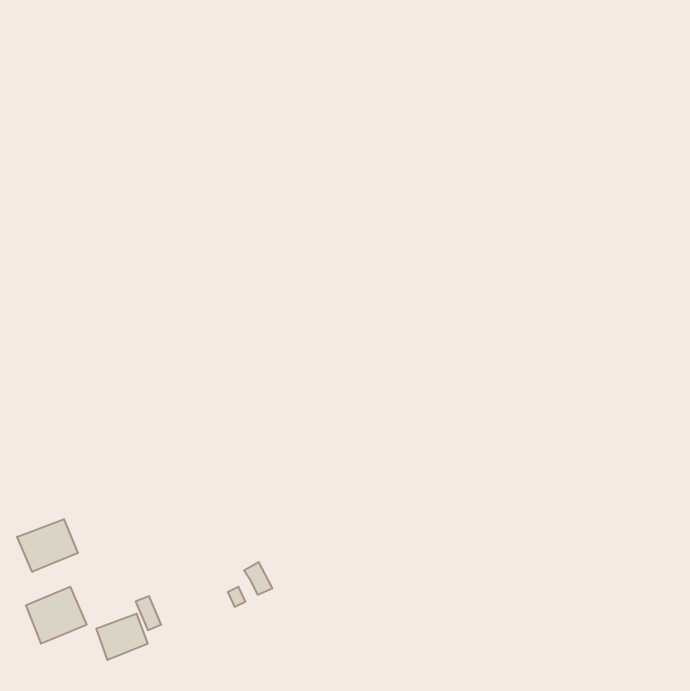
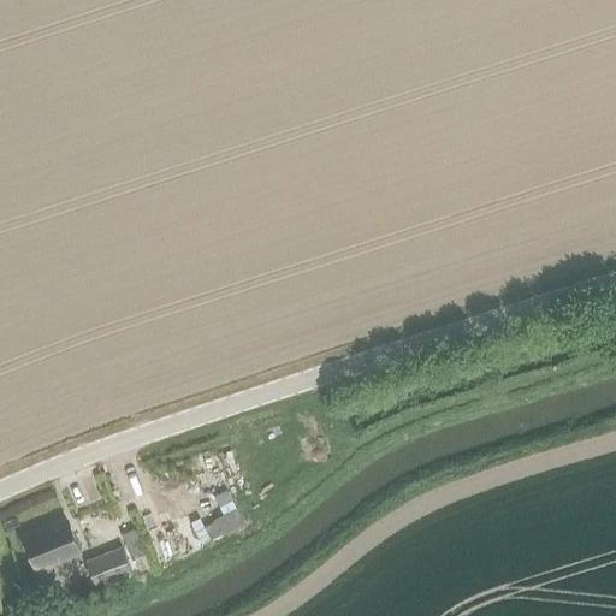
building: [17,519,78,572] -> none

